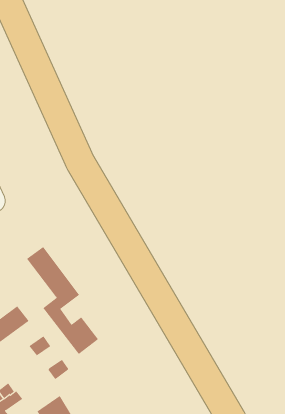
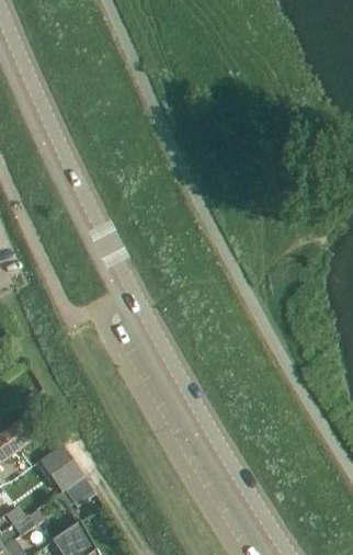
building: [26,246,99,355] -> none

